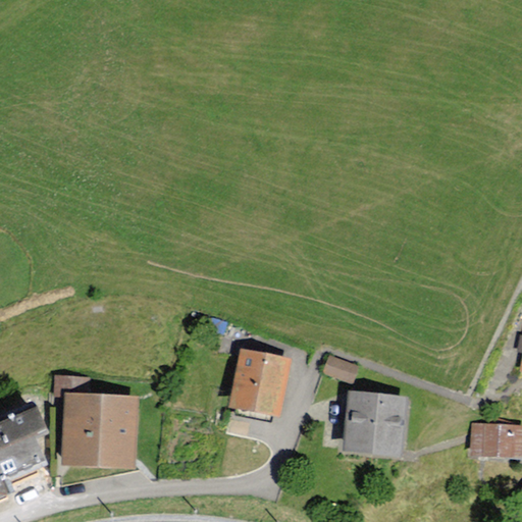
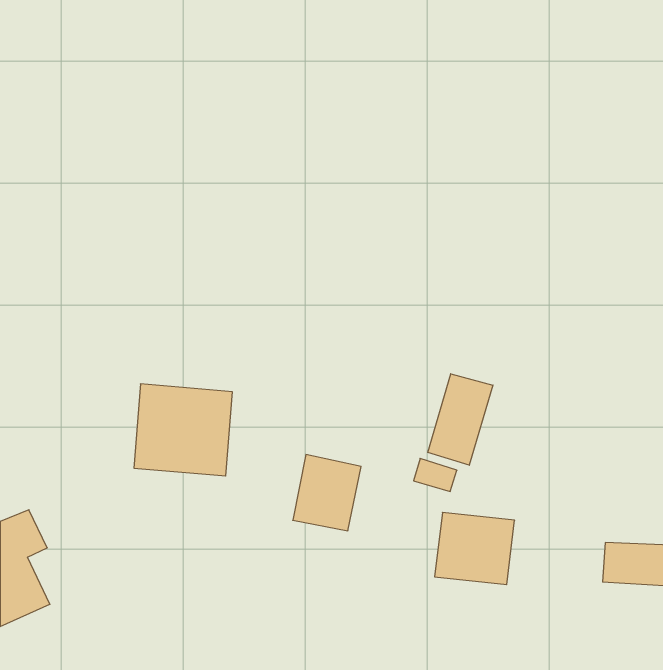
building: none -> [428,374,493,465]
building: [58,390,135,462] -> [134,384,232,476]

